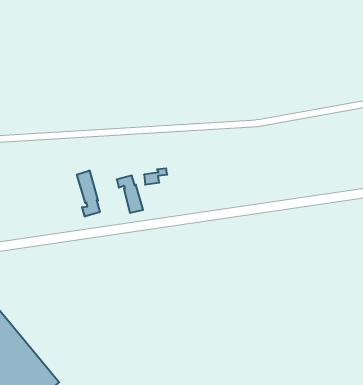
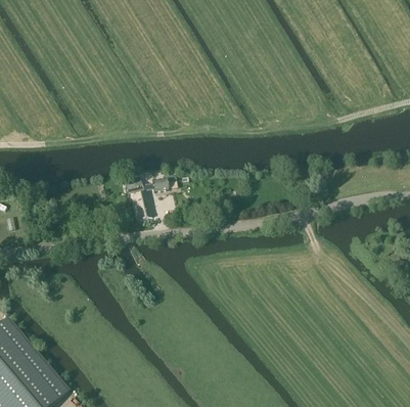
building: [77,170,100,217] -> none

